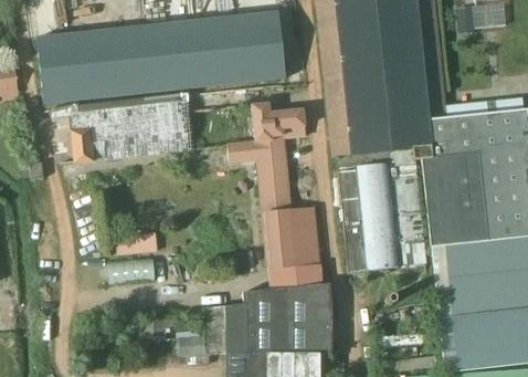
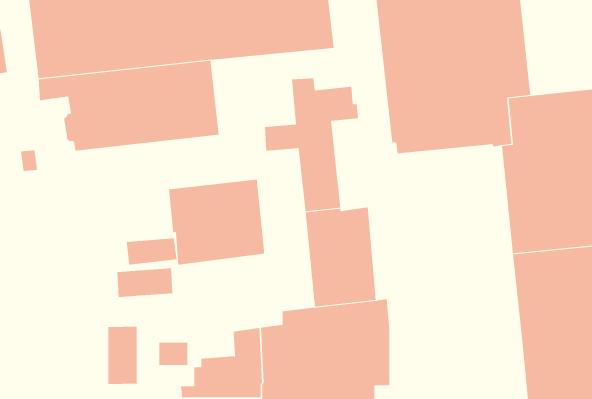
building: [337,156,426,271] -> none
building: none -> [168,179,265,265]
building: none -> [108,326,137,385]

